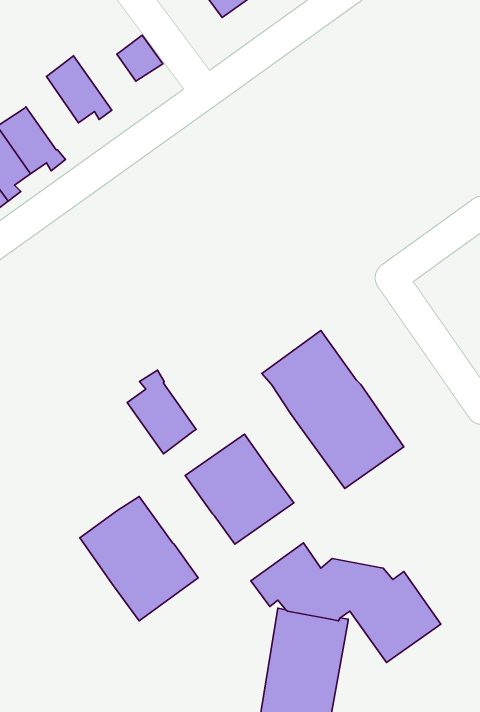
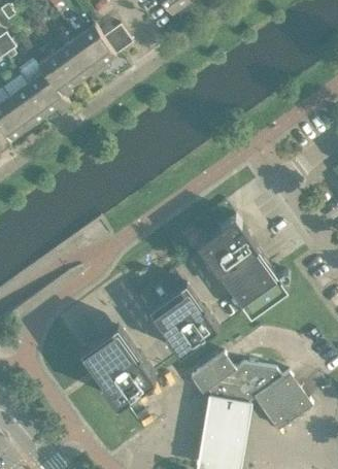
building: none -> [74,24,114,72]
building: none -> [37,51,77,98]
building: [127,370,196,454] -> none

